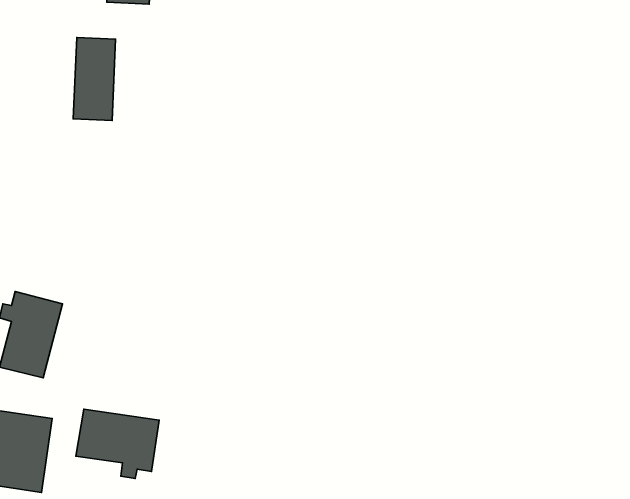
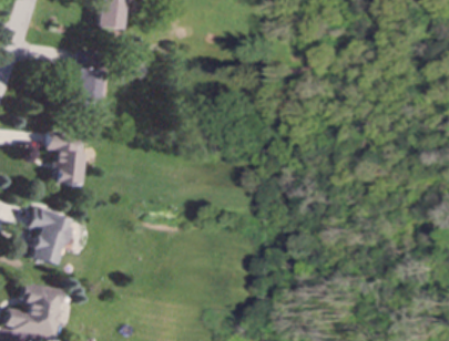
building: none -> [48,137,84,184]
building: [76,409,159,479] -> none

